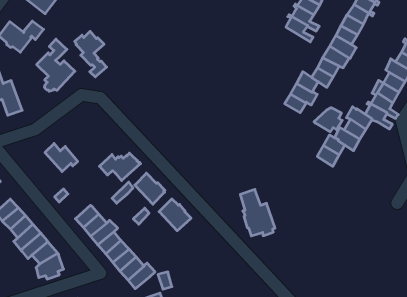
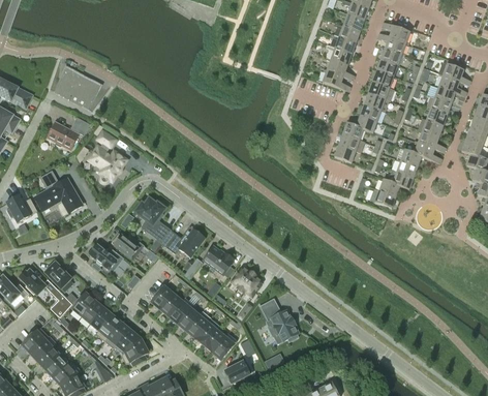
building: [75,31,107,77] -> [135,197,171,241]
building: [314,108,342,132] -> none
building: none -> [89,244,123,272]
building: [240,189,275,236] -> [260,298,299,343]

